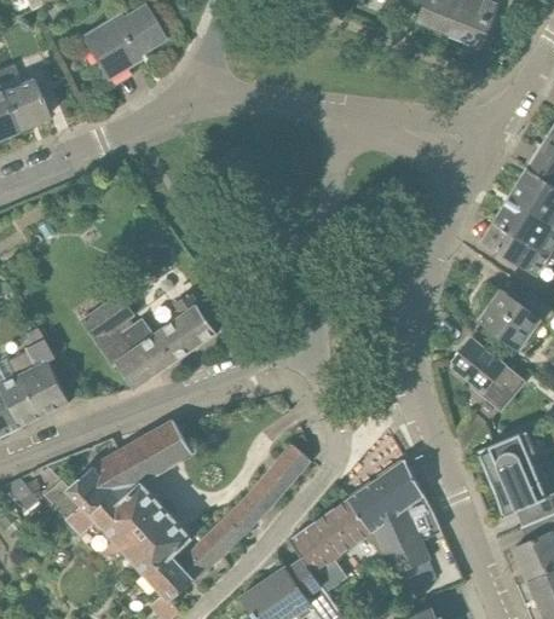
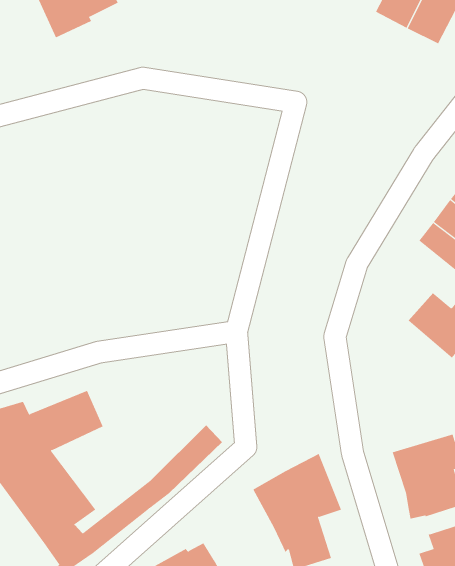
building: [80,294,217,391] -> none
building: [454,339,526,409] -> none
building: [290,503,368,575] -> none

